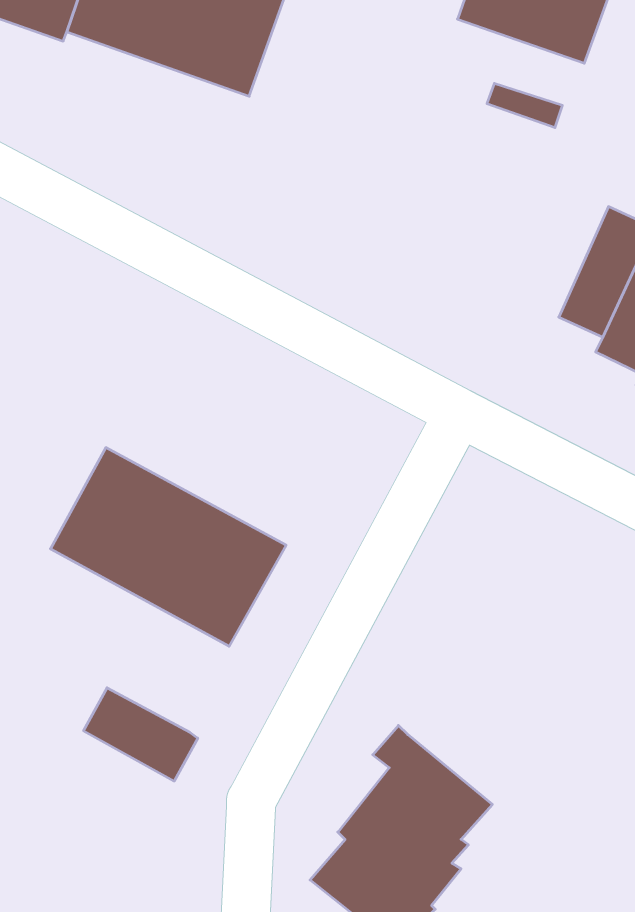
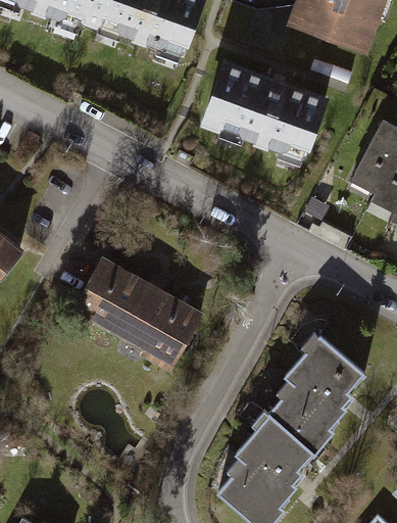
building: none -> [200,55,331,167]
building: none -> [268,334,363,453]
building: [84,688,198,781] -> none

